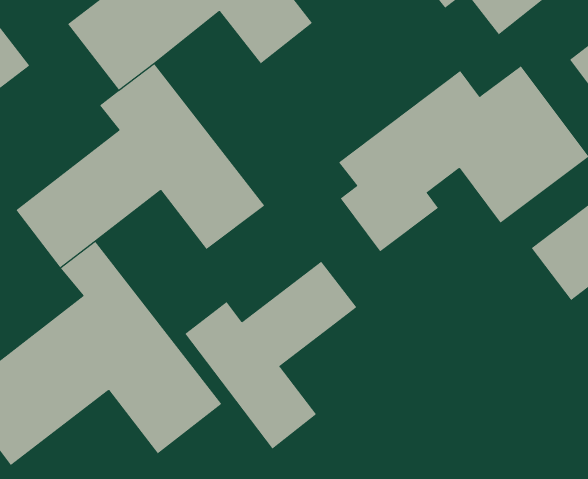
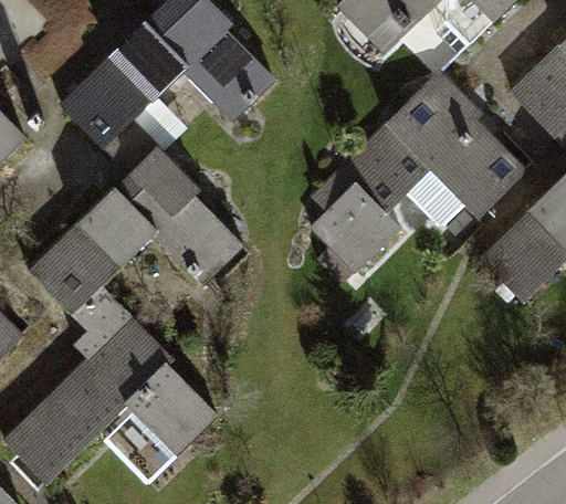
building: [185,261,357,450] -> none

